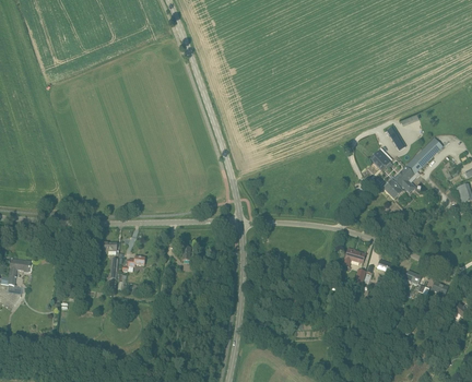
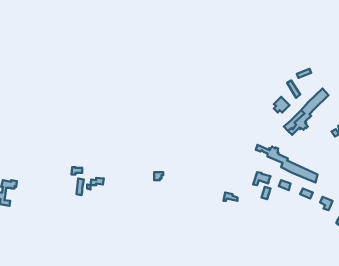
building: none -> [256,145,317,183]

